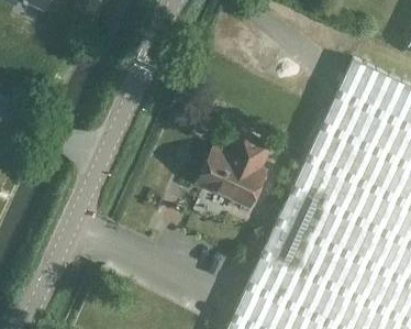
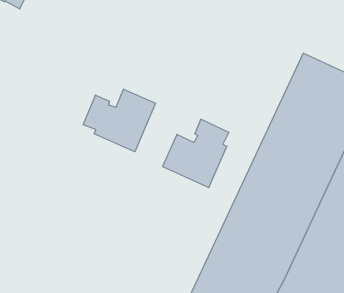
building: none -> [83,89,155,152]

